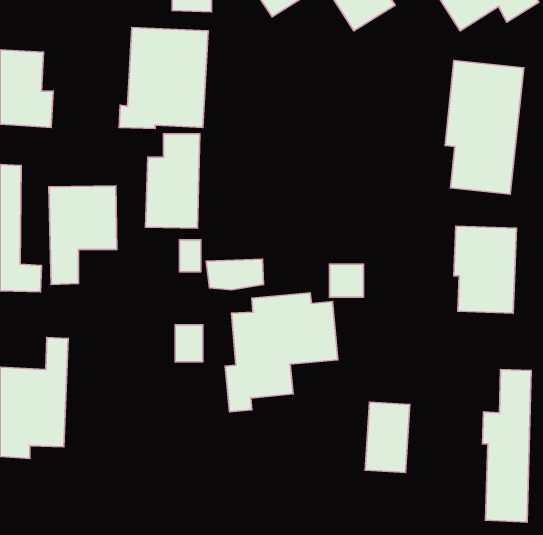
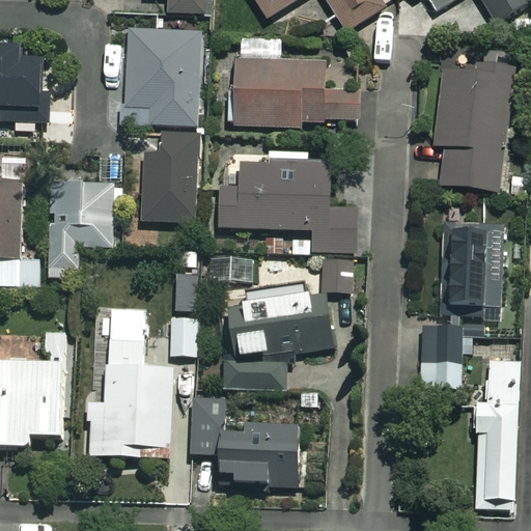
building: none -> [231,57,357,125]
building: none -> [219,149,356,251]
building: none -> [89,340,171,457]
building: [365,402,410,472] -> [420,320,464,389]
building: none -> [190,400,297,487]

